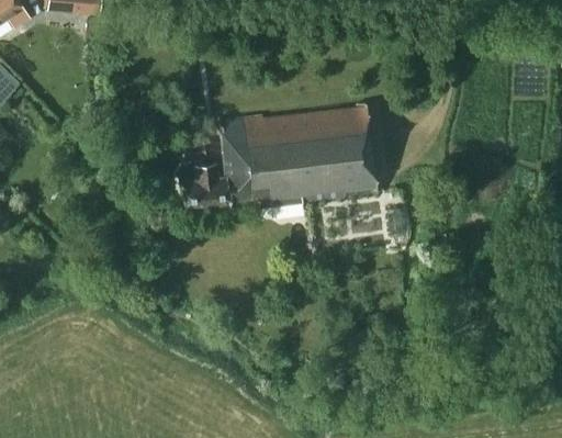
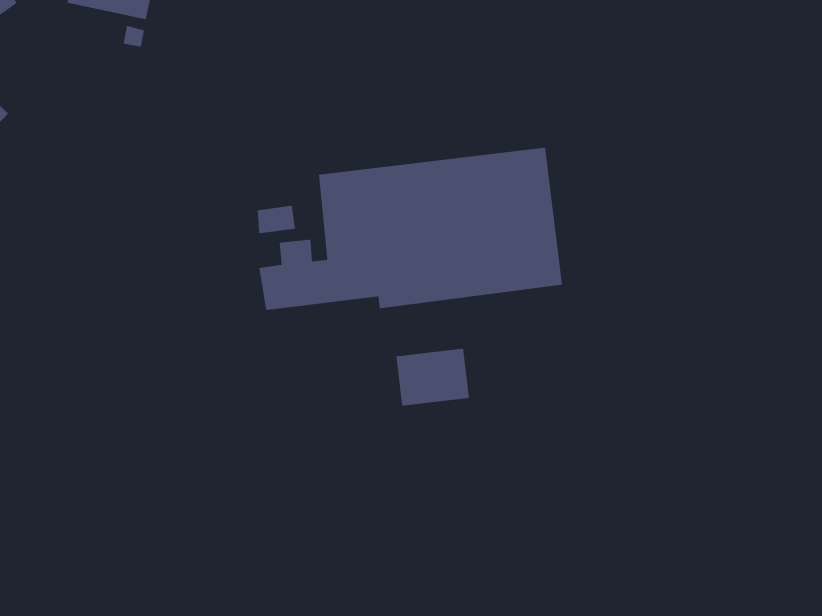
building: none -> [396,348,470,407]

